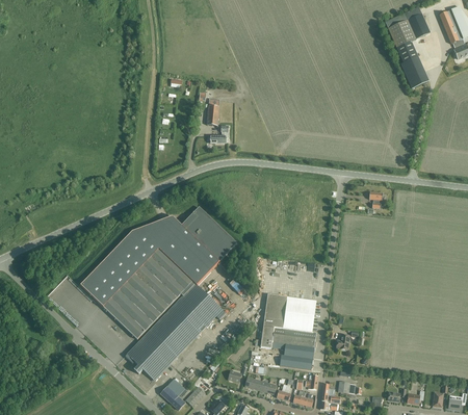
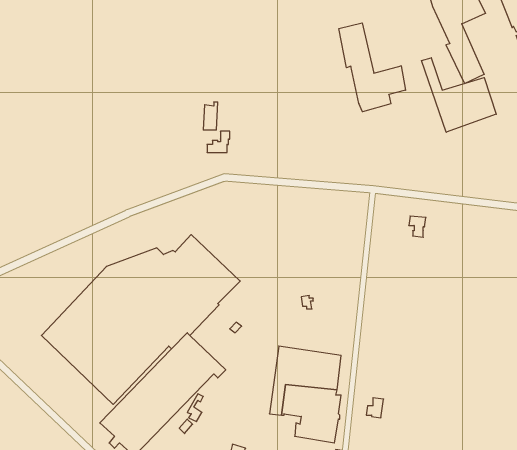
building: none -> [339,23,406,112]
building: none -> [422,58,496,132]

